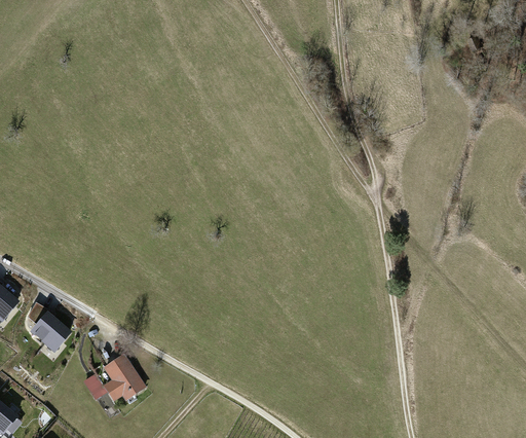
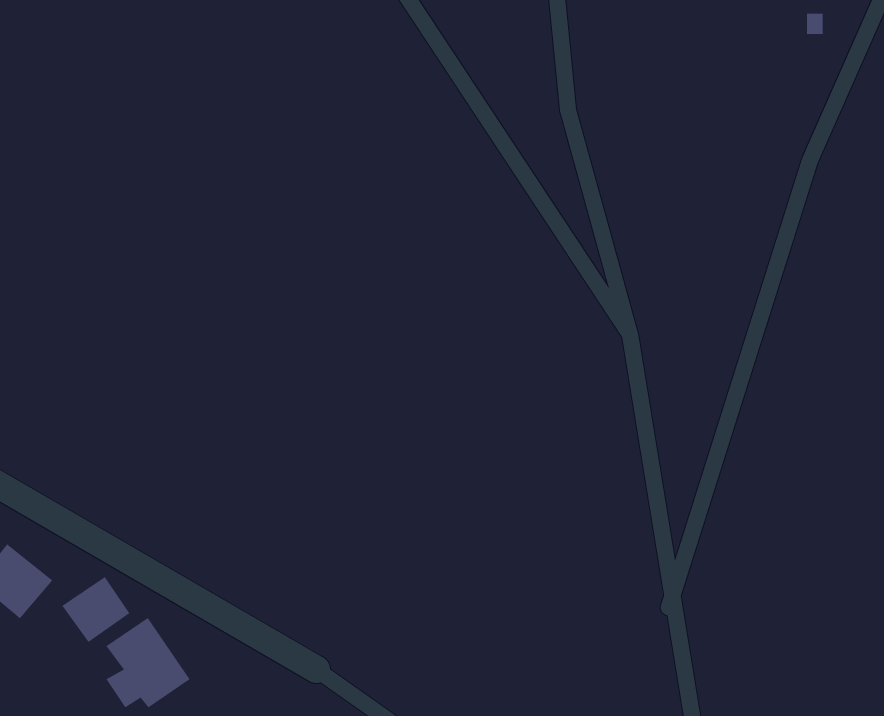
building: none -> [61,576,130,643]

